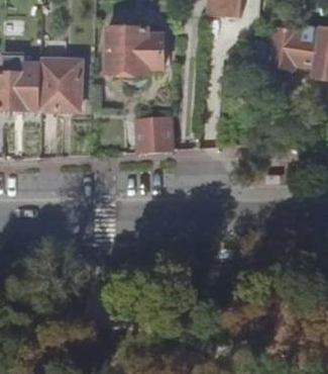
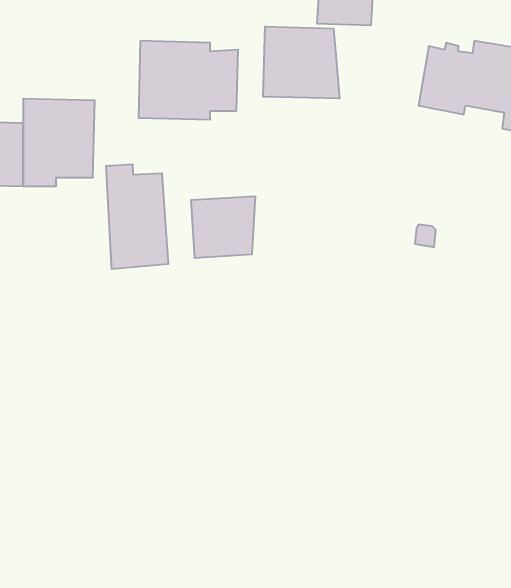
building: none -> [263,26,339,99]
building: none -> [106,164,168,269]

